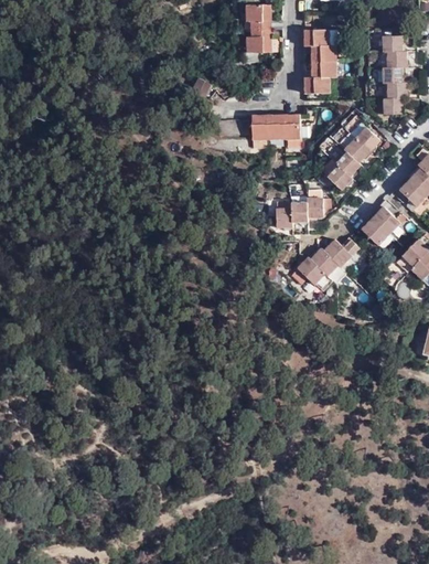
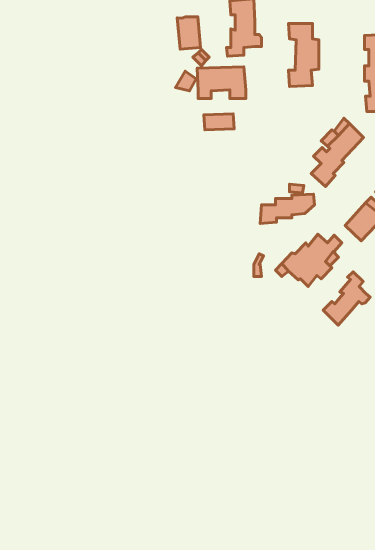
building: none -> [177,17,200,49]
building: [251,111,301,143] -> [197,67,246,98]
building: none -> [323,272,370,325]

